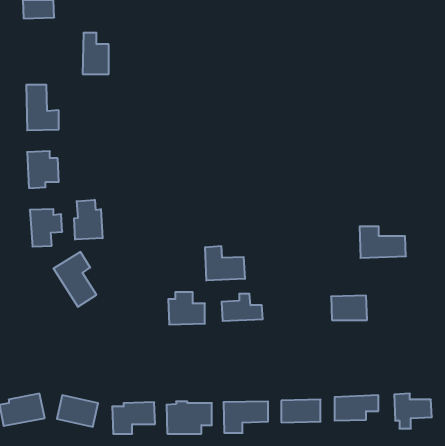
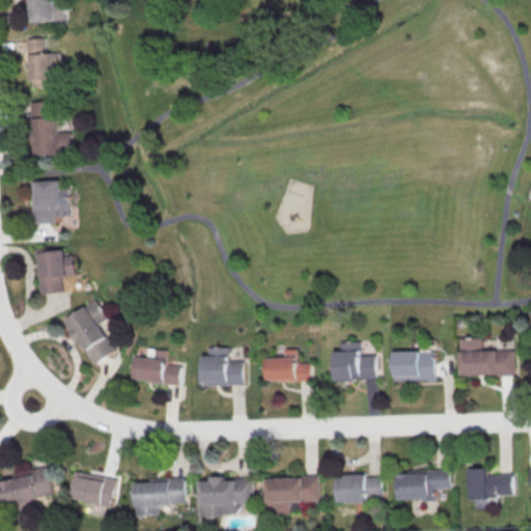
building: [83,33,109,74] -> [28,38,59,87]
building: [74,200,103,240] -> none
building: [360,226,406,258] -> [458,339,513,376]
building: [205,246,245,281] -> none
building: none -> [333,342,375,381]
building: none -> [131,348,179,384]

